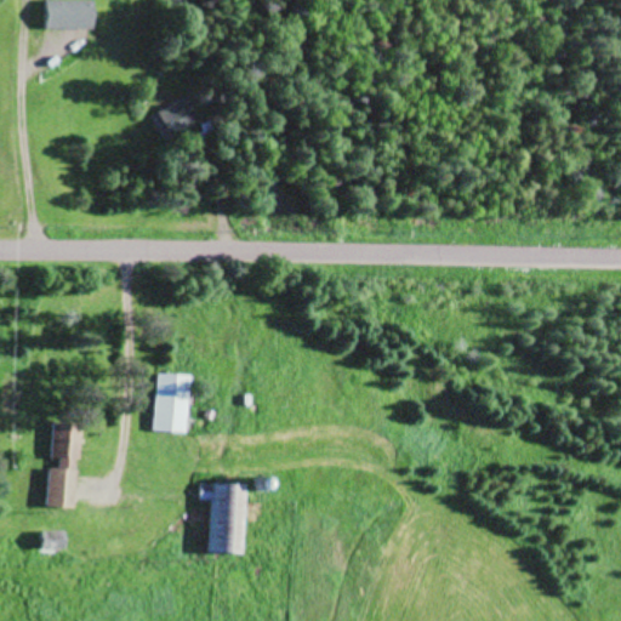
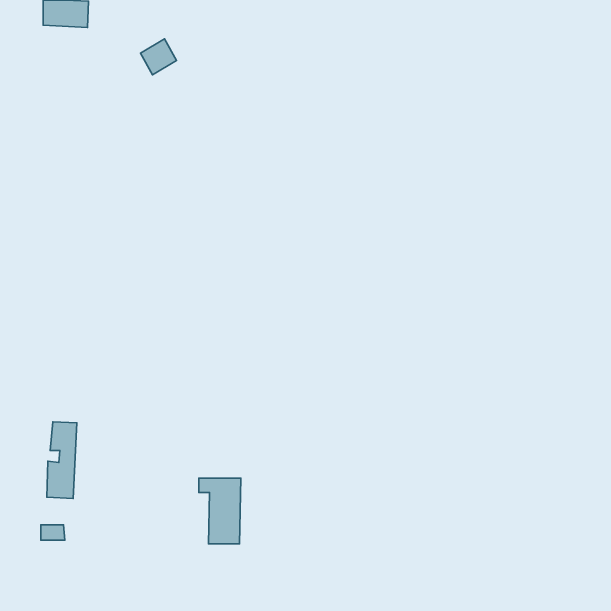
building: [158,98,194,135] -> [141,39,177,75]
building: [154,375,189,431] -> none

